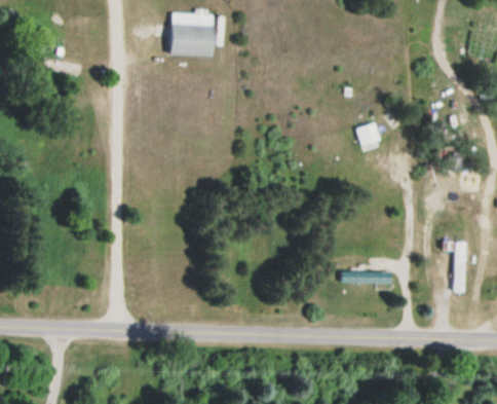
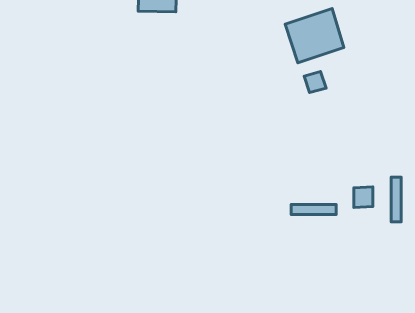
building: none -> [285,8,344,63]
building: none -> [354,187,373,208]

